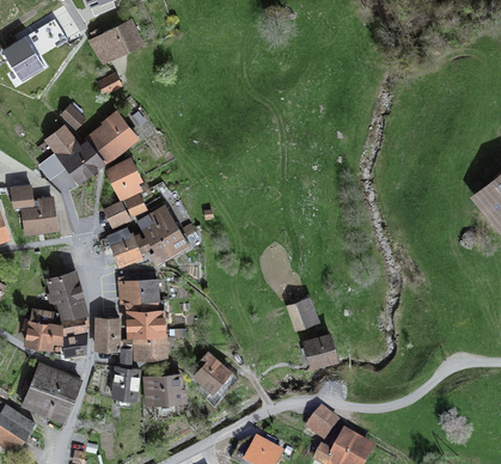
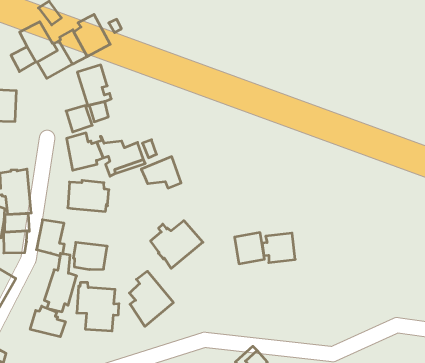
building: [138,204,178,236] -> [141,157,181,188]
building: none -> [151,221,203,268]
building: [126,299,165,336] -> none
building: [303,334,337,366] -> [262,233,295,263]
building: none -> [30,306,65,337]

